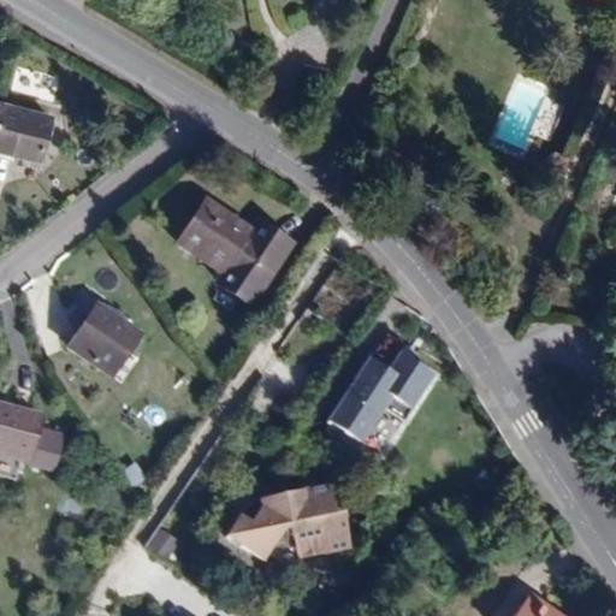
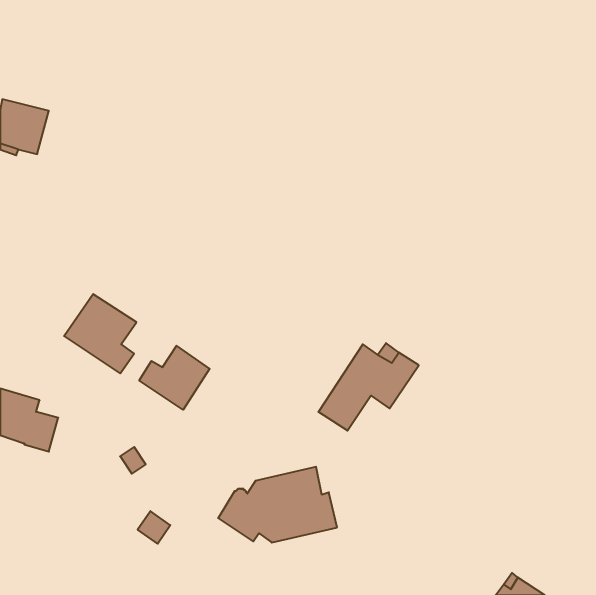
building: [178,199,306,314] -> none
building: none -> [139,346,210,410]

